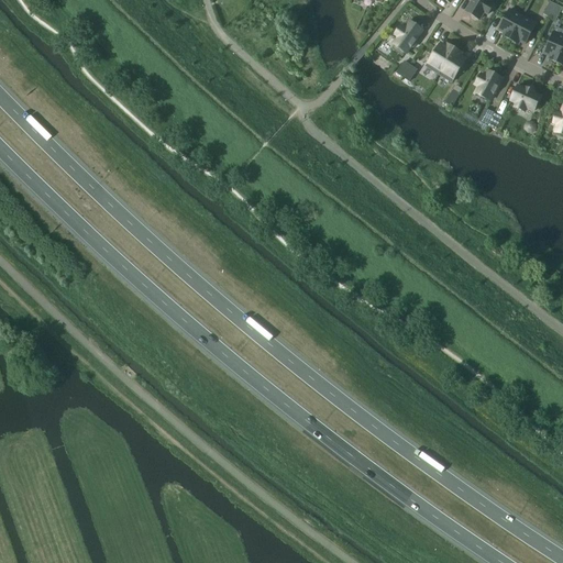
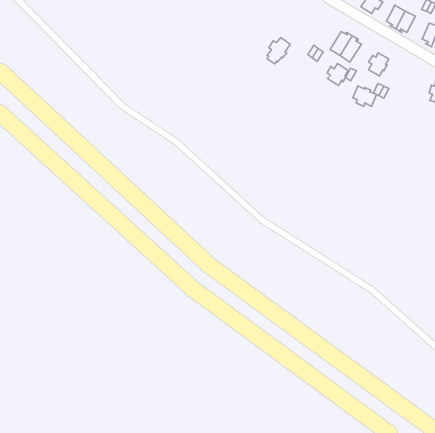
building: [394,19,423,53] -> [267,37,290,64]
building: none -> [327,63,348,86]
building: [511,82,542,109] -> [353,86,377,106]

